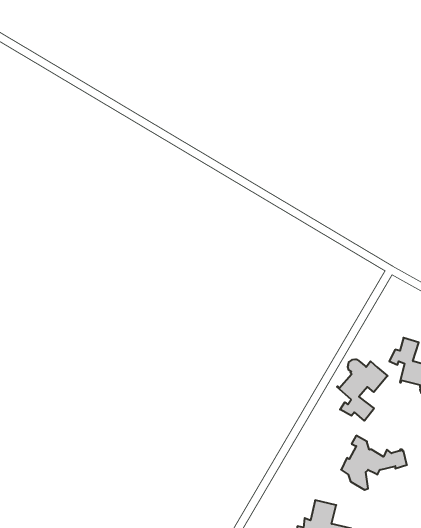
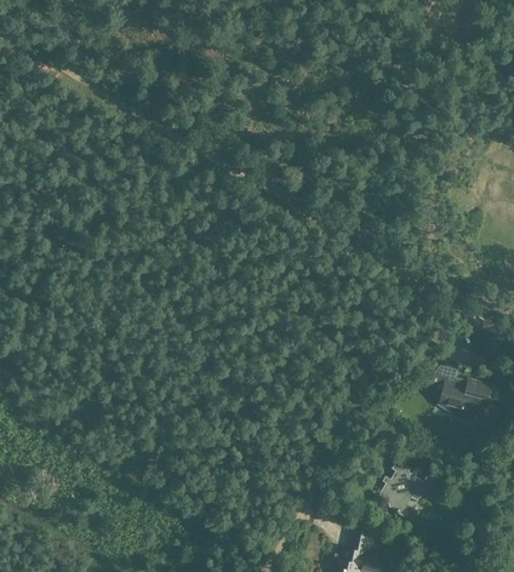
building: [337,359,388,421] -> none

